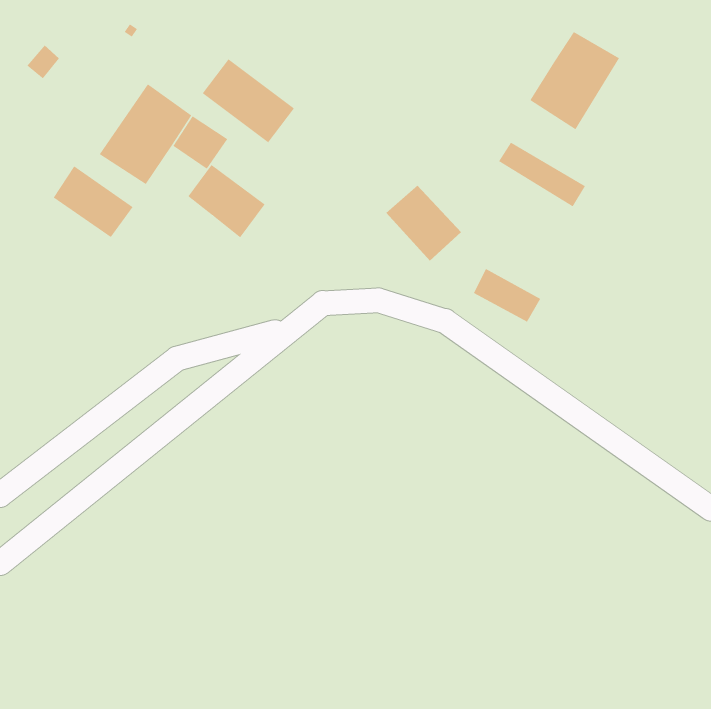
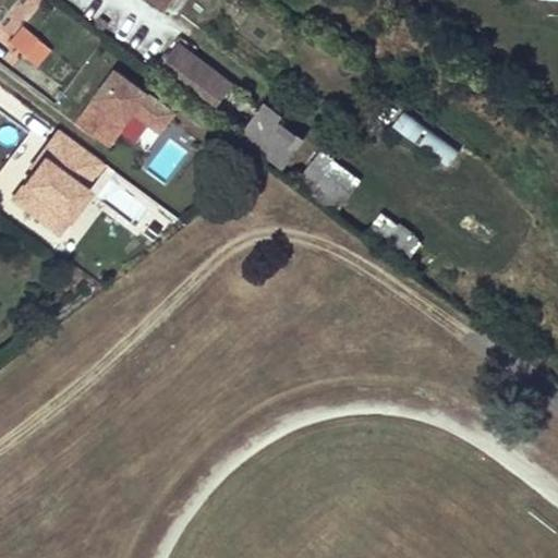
building: [530,31,620,130] -> none
building: [188,164,265,238] -> [242,111,303,169]
building: none -> [12,156,87,231]

